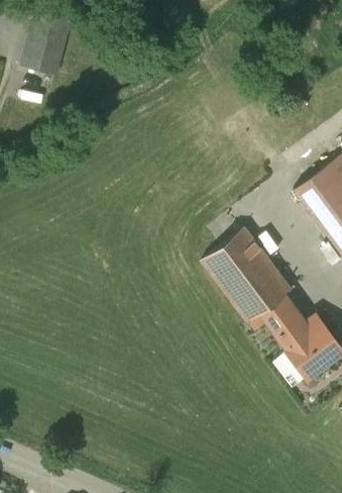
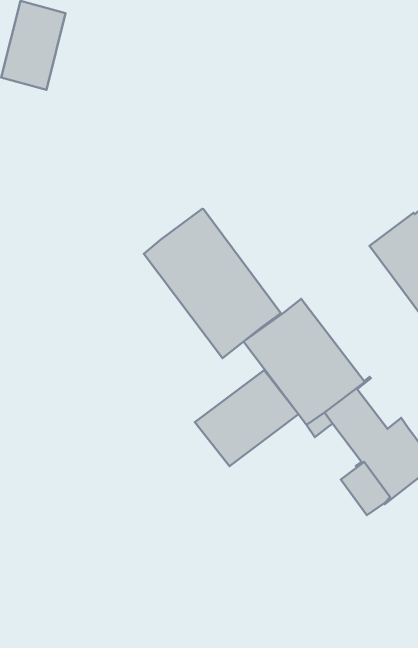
building: none -> [144,209,281,358]
building: none -> [195,370,299,466]

